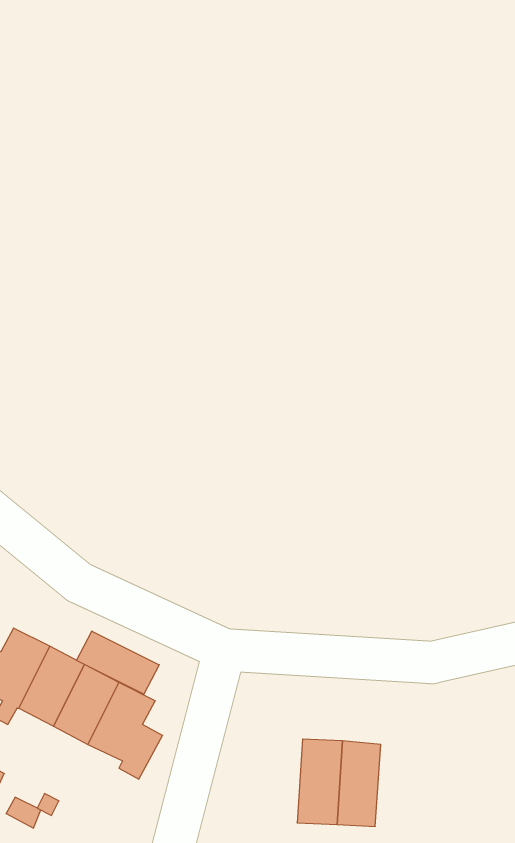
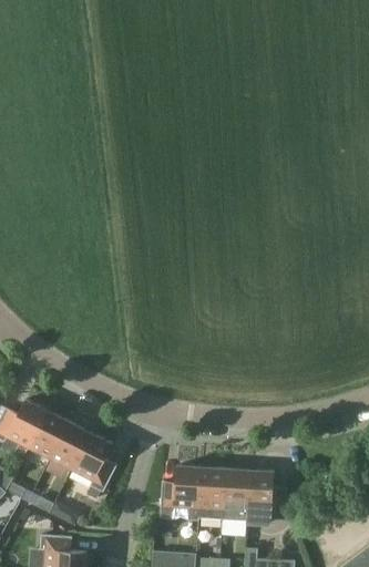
building: [77,631,159,694] -> none
building: none -> [161,465,203,520]
building: none -> [247,471,287,525]

